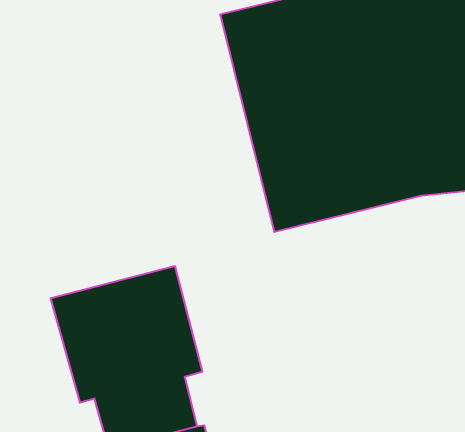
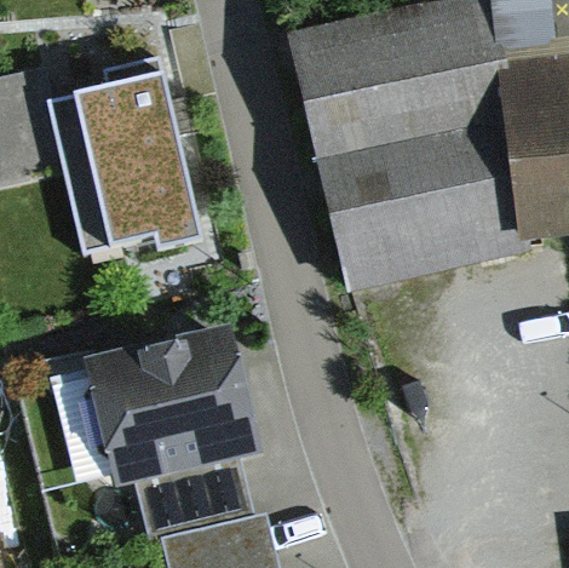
building: none -> [53,79,199,252]

